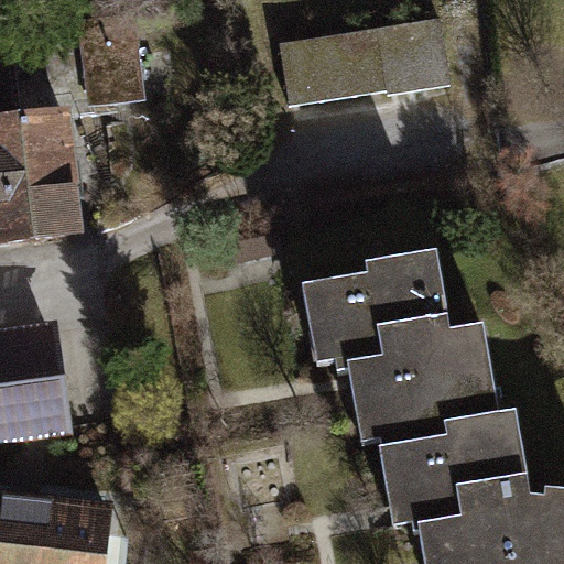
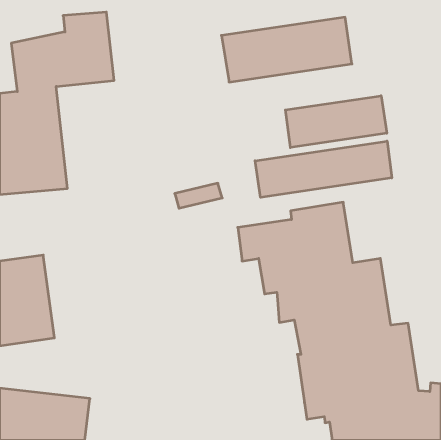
building: none -> [285,96,387,148]
building: none -> [255,141,392,197]

